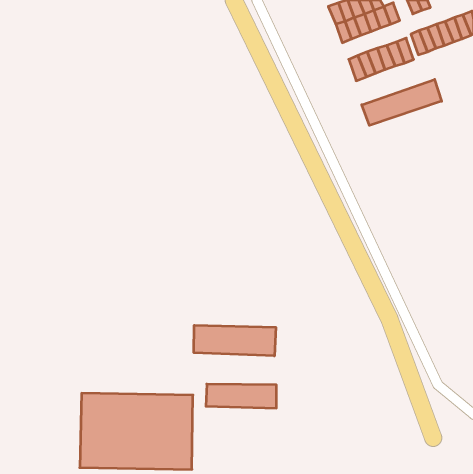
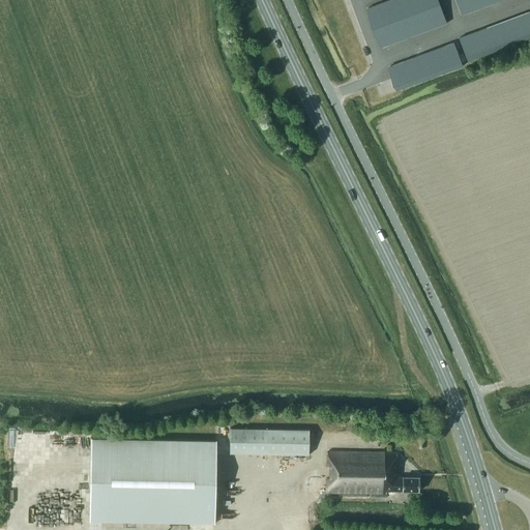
building: [362,79,442,125] -> none
building: [194,325,276,356] -> none
building: none -> [327,452,420,494]

